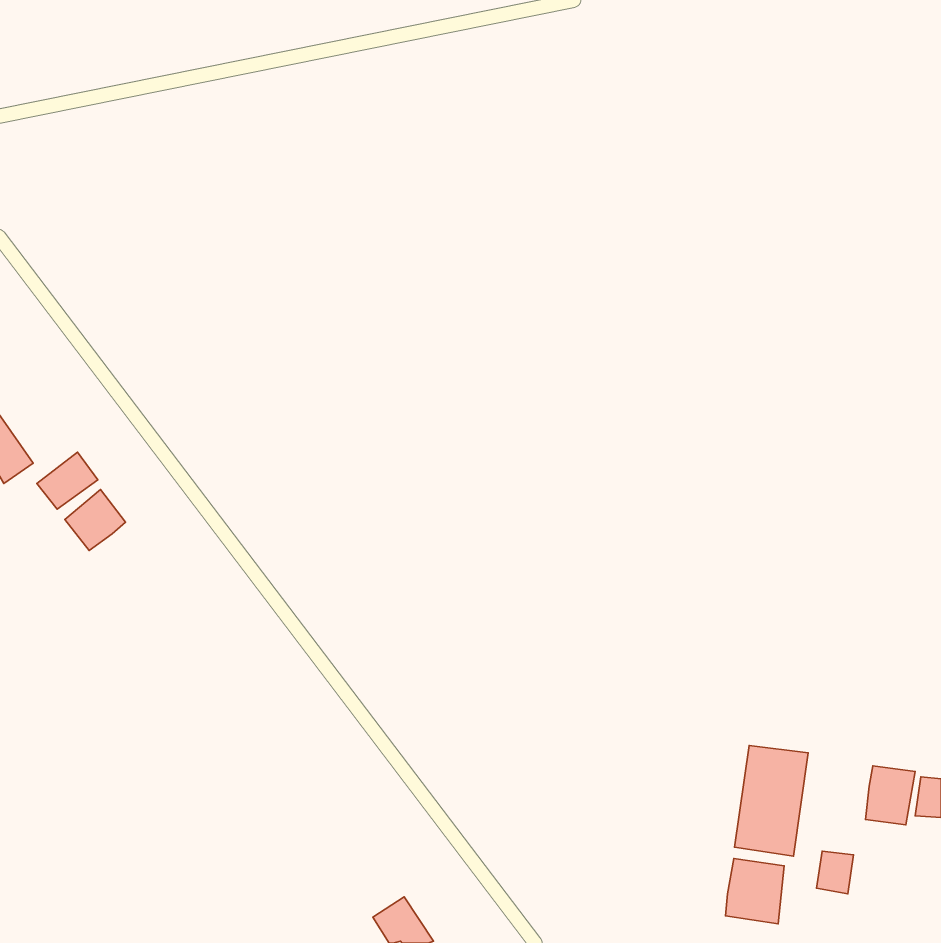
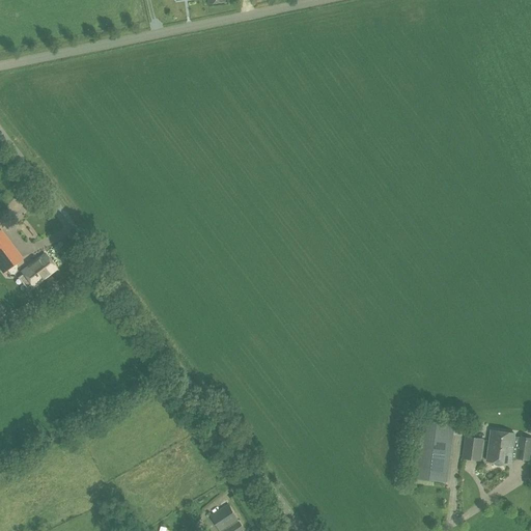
building: [65,489,126,551] -> none
building: [817,851,854,894] -> [462,437,482,460]
building: [726,858,784,924] -> none

